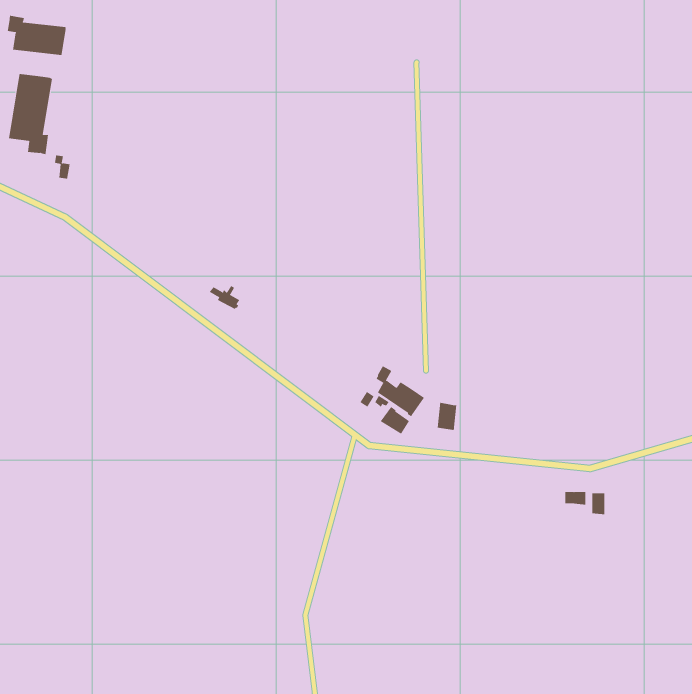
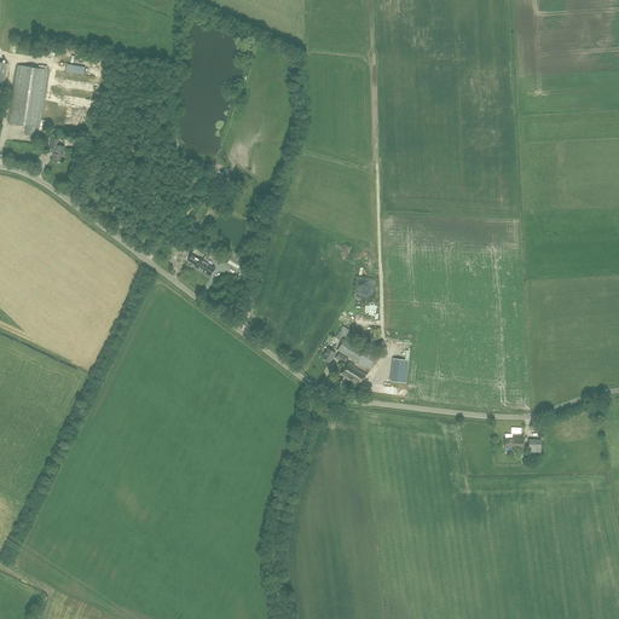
building: [7,15,66,56] -> none

